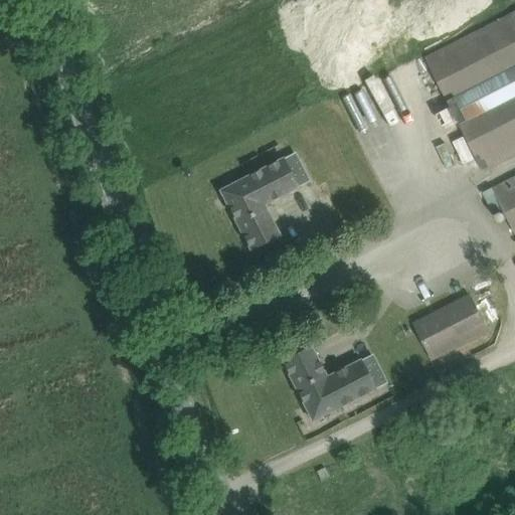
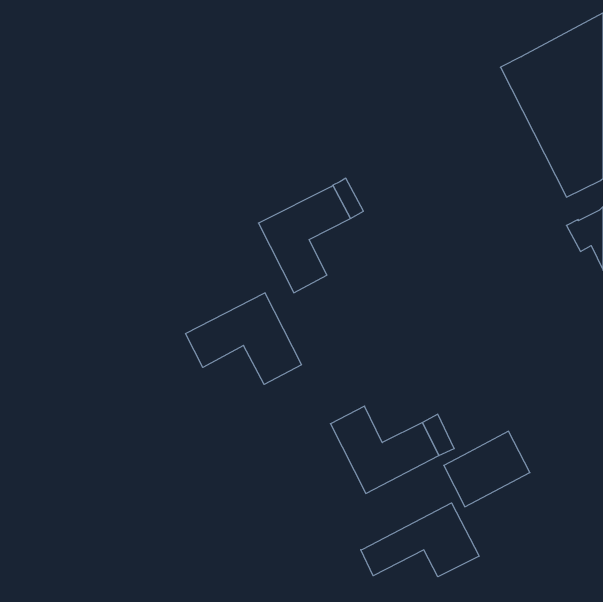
building: none -> [186,293,301,384]
building: [415,295,489,359] -> [444,431,530,507]
building: none -> [361,503,479,577]

